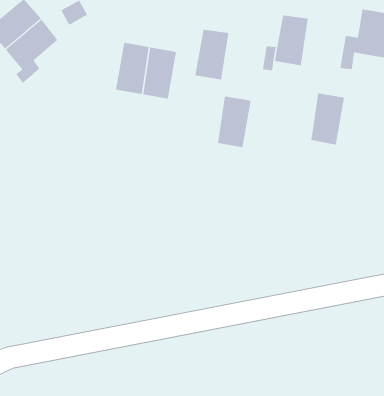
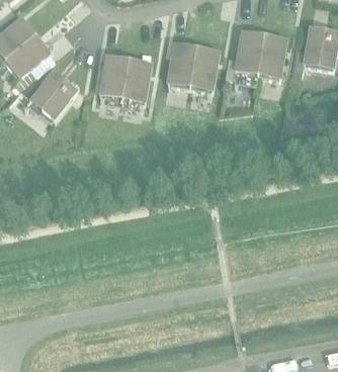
building: none -> [20,70,77,118]
building: [310,93,345,145] -> [258,33,287,78]
building: [217,96,252,148] -> [190,45,220,90]

